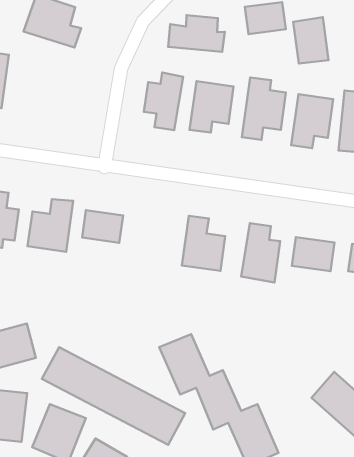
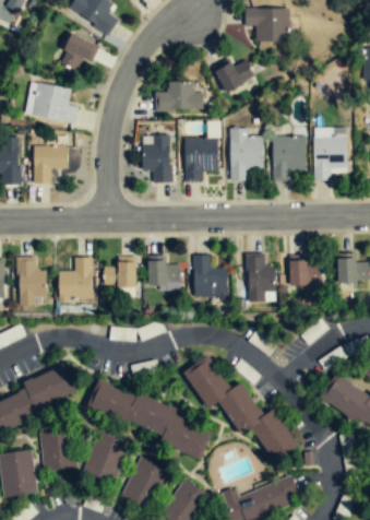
building: [293,17,328,64] -> none
building: none -> [34,146,68,182]
building: none -> [148,258,181,287]

